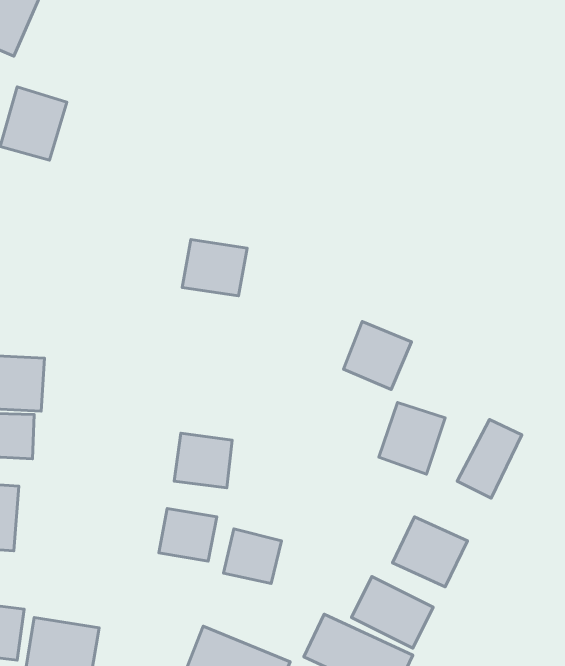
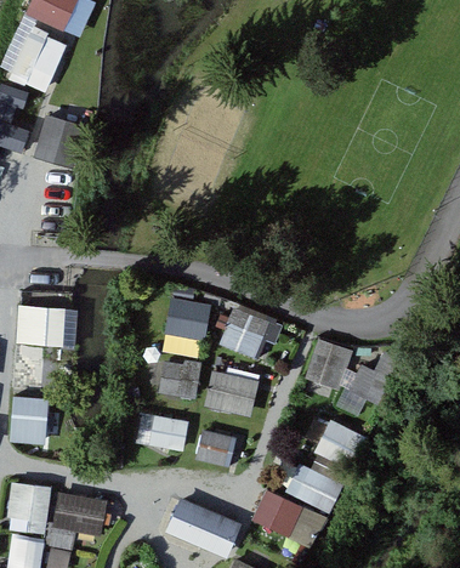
building: [182,240,247,296] -> [164,297,210,337]
building: [343,321,412,390] -> [221,307,269,356]
building: none -> [204,370,260,415]

